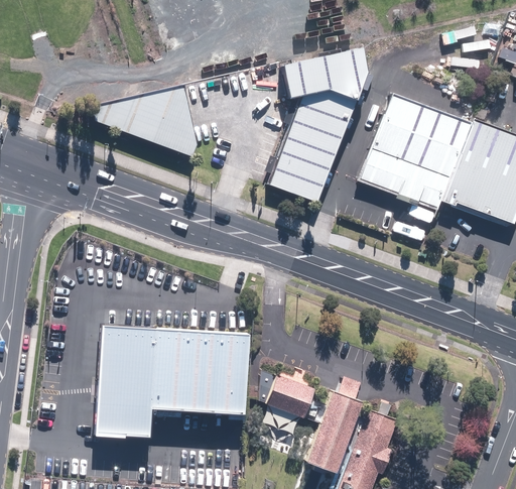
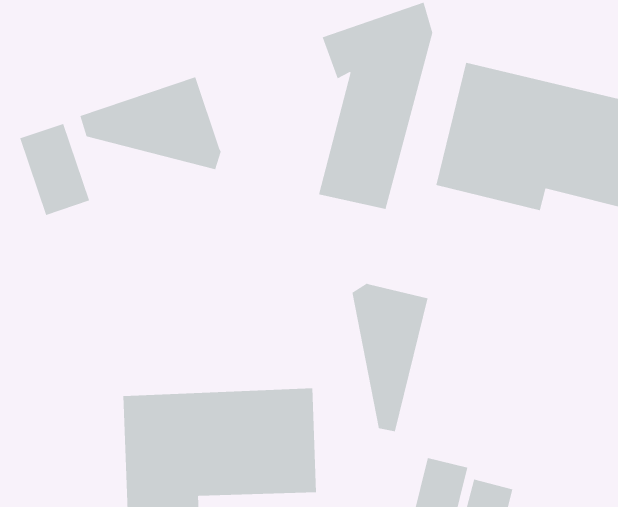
building: none -> [19,123,90,216]
building: none -> [352,283,428,432]
building: [261,375,313,421] -> none

